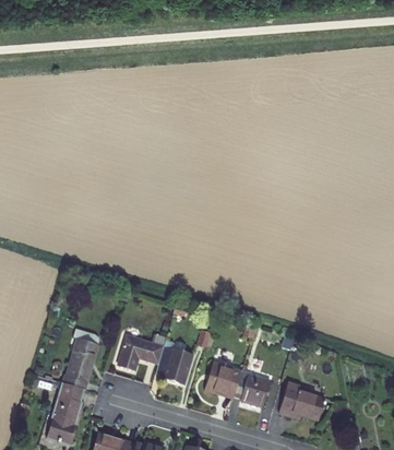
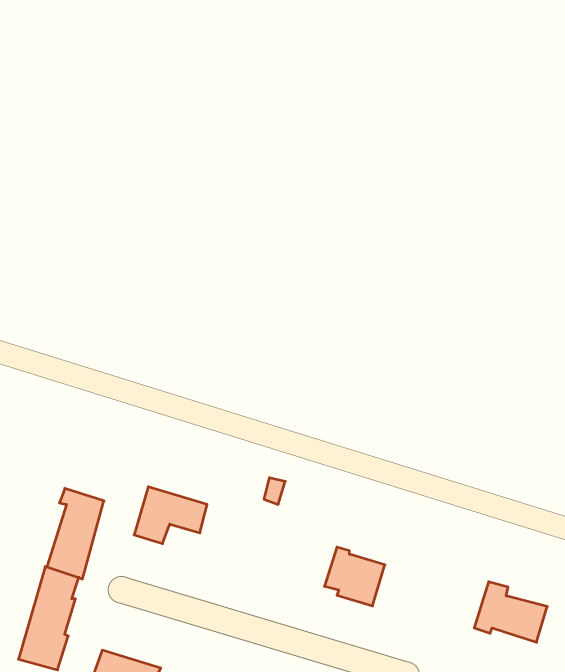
building: [154,344,191,382] -> none
building: [204,362,241,395] -> none
building: [279,382,324,419] -> [474,582,547,642]

